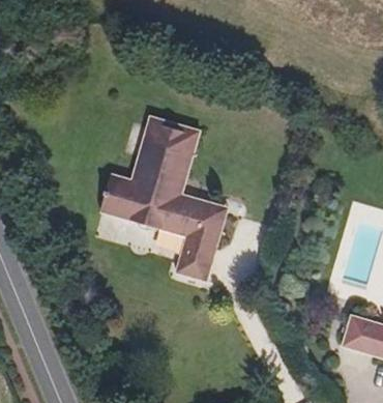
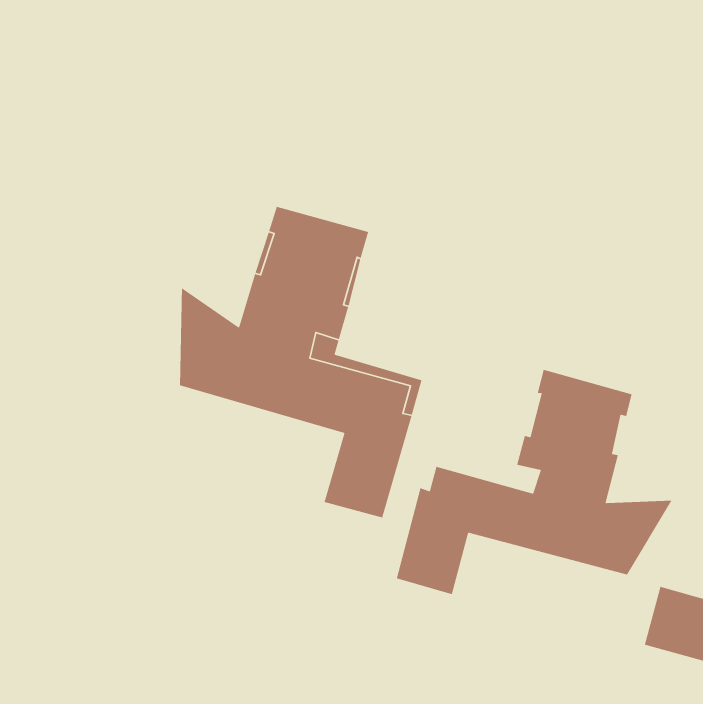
building: none -> [396,369,673,595]

